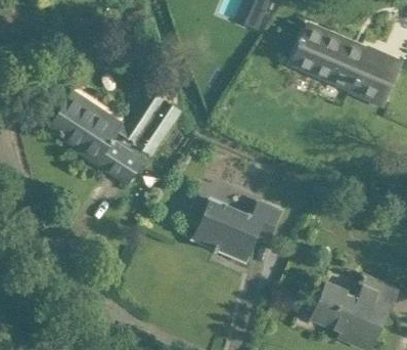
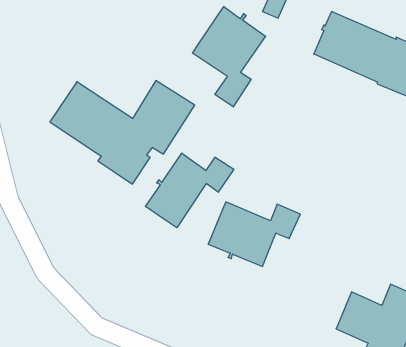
building: none -> [192,7,266,107]
building: none -> [145,153,234,228]

